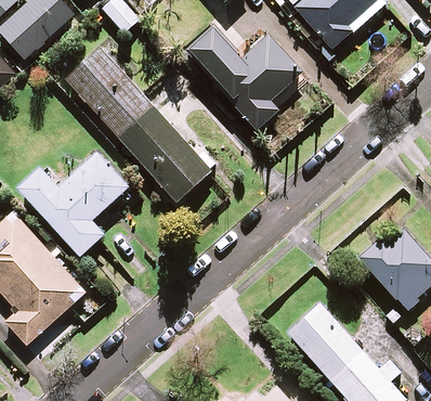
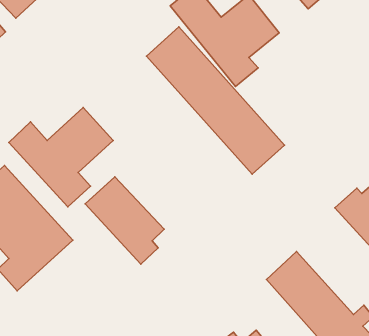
building: [66,48,210,202] -> [147,27,284,174]
building: none -> [85,177,164,264]

